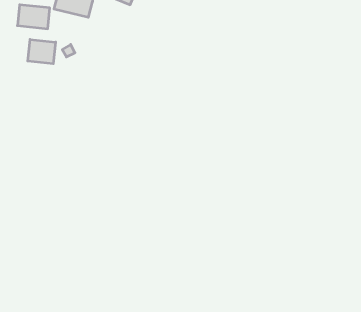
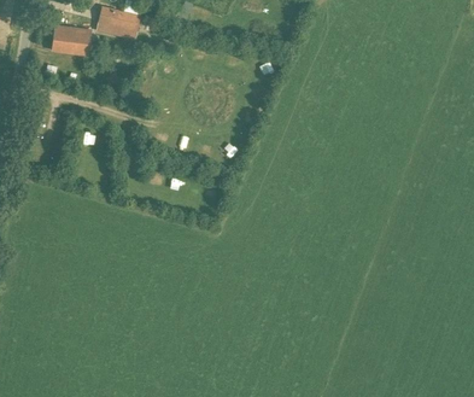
building: [28,39,56,64] -> none

